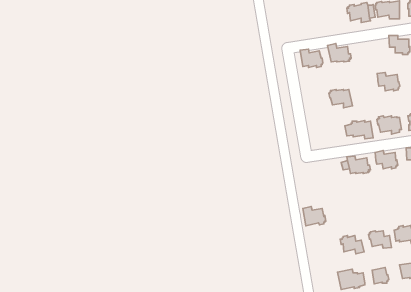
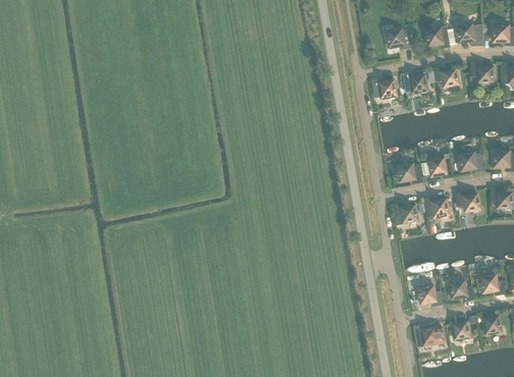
building: none -> [384,28,414,49]
building: [377,73,400,91] -> [433,66,459,87]
building: [329,89,353,108] -> [396,163,422,183]
building: [303,207,326,226] -> [393,202,418,223]

